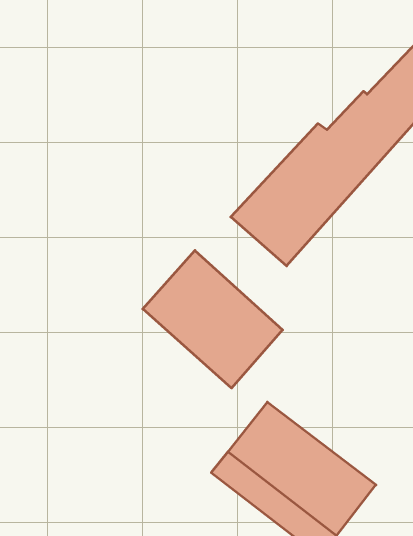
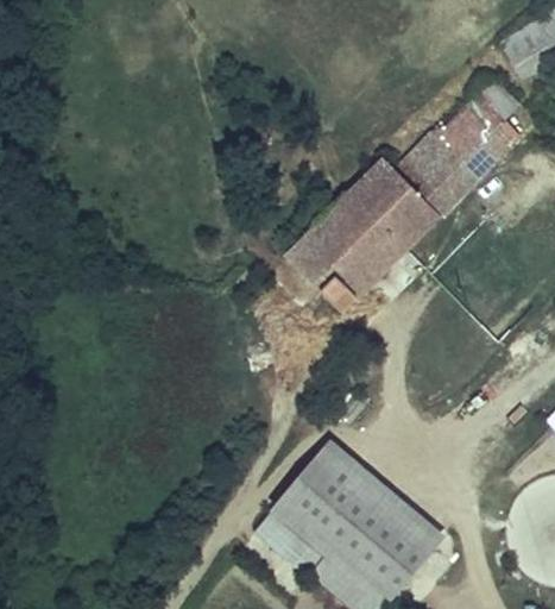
building: [143,250,283,388] -> none

